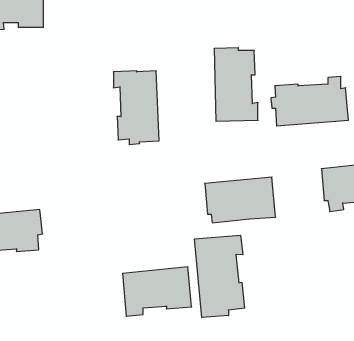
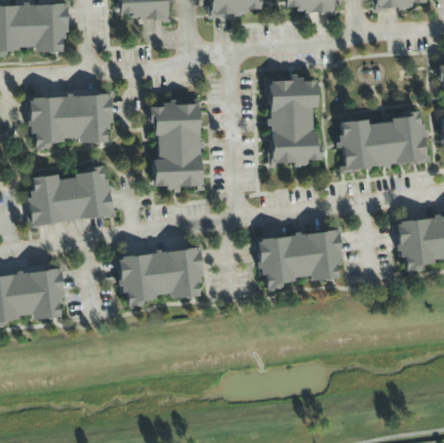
building: none -> [29,95,112,143]
building: none -> [28,170,112,225]
building: [194,235,245,318] -> none
building: [123,267,192,316] -> [120,249,202,308]

